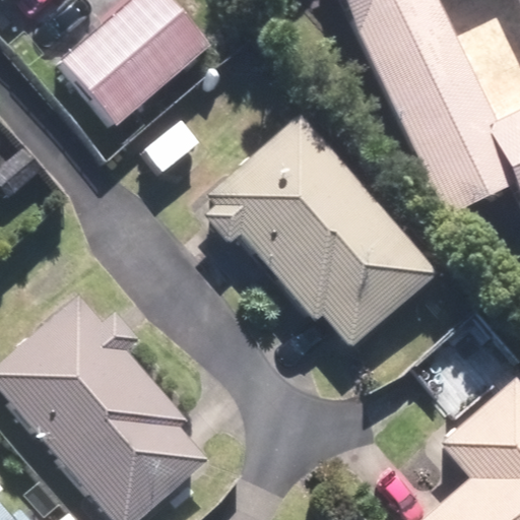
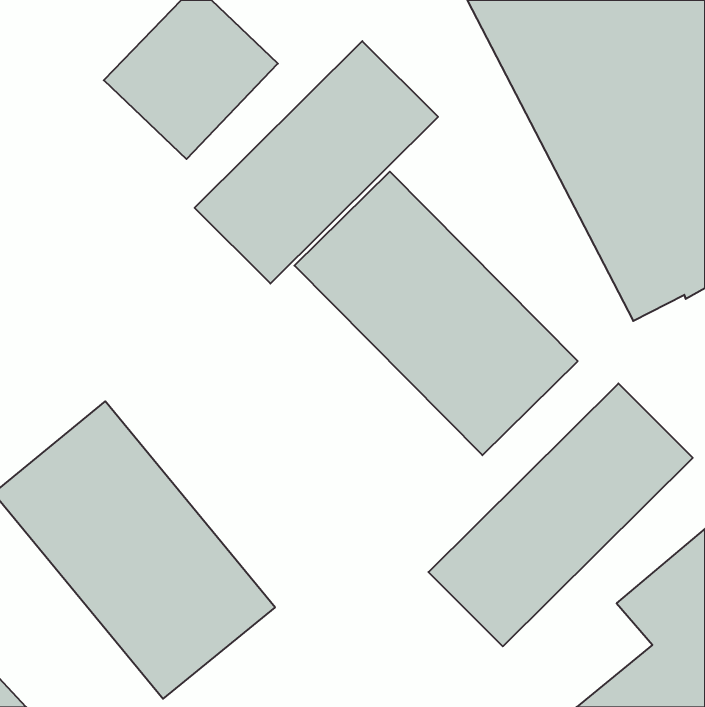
building: none -> [195,41,438,284]
building: none -> [428,383,693,646]

